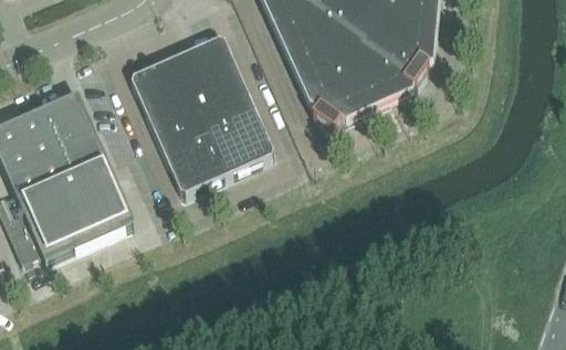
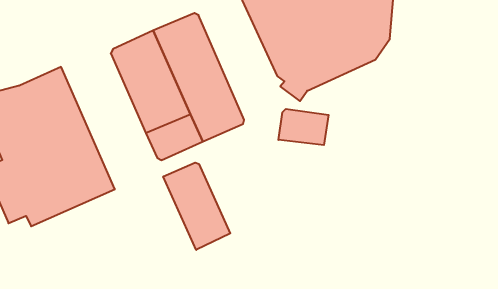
building: none -> [278,109,329,145]
building: none -> [163,163,230,250]

